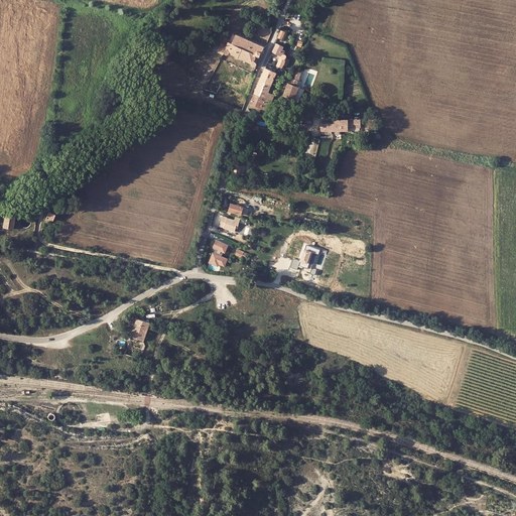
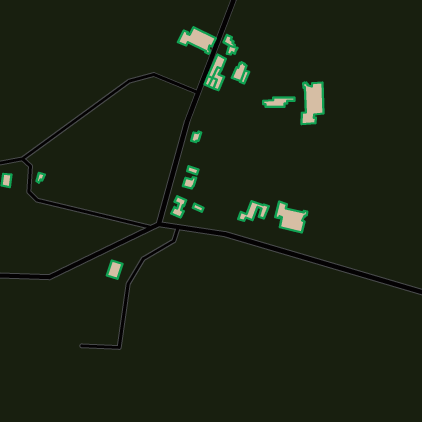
building: none -> [301,83,323,124]
building: none -> [275,201,307,232]

